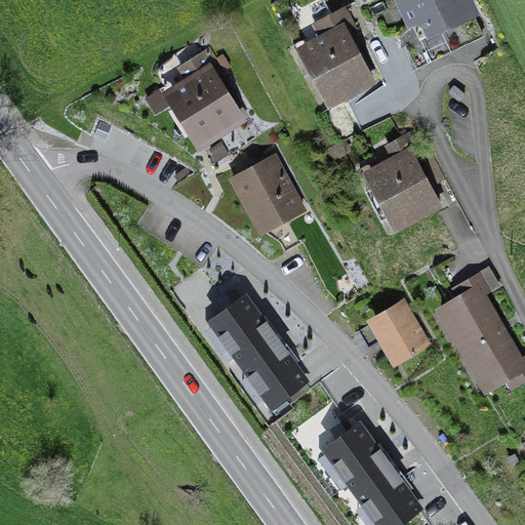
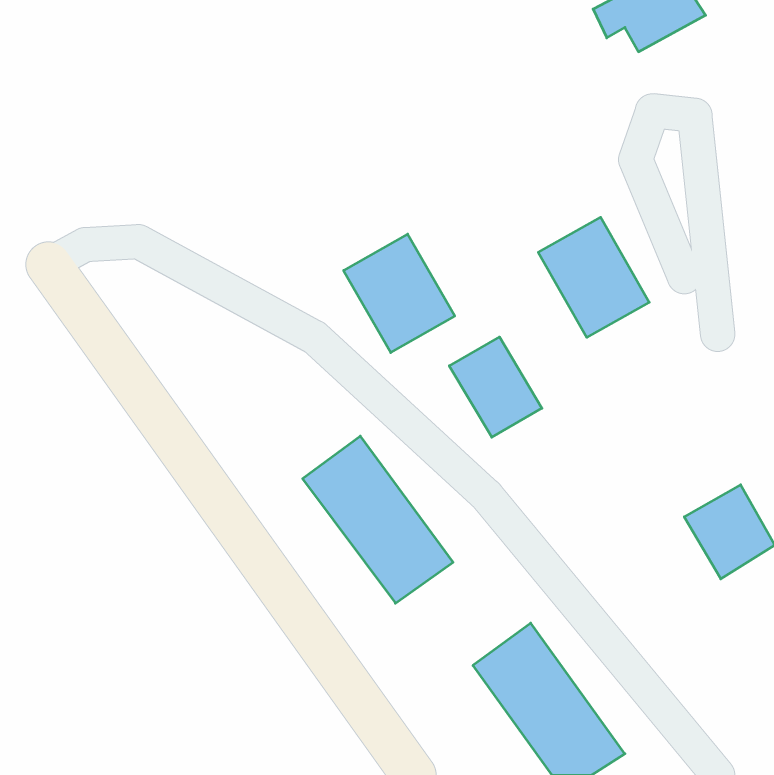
building: [298,8,373,107] -> none
building: [163,48,243,149] -> none
building: [436,284,499,349] -> none
building: [372,302,435,370] -> [449,337,542,437]

